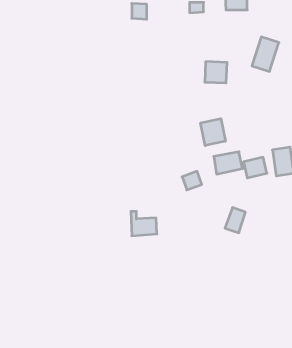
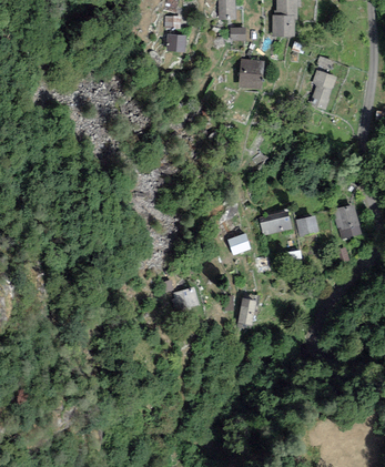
building: [205,62,227,83] -> [242,64,269,90]
building: [201,119,225,146] -> none
building: [225,208,245,233] -> [236,297,261,327]

